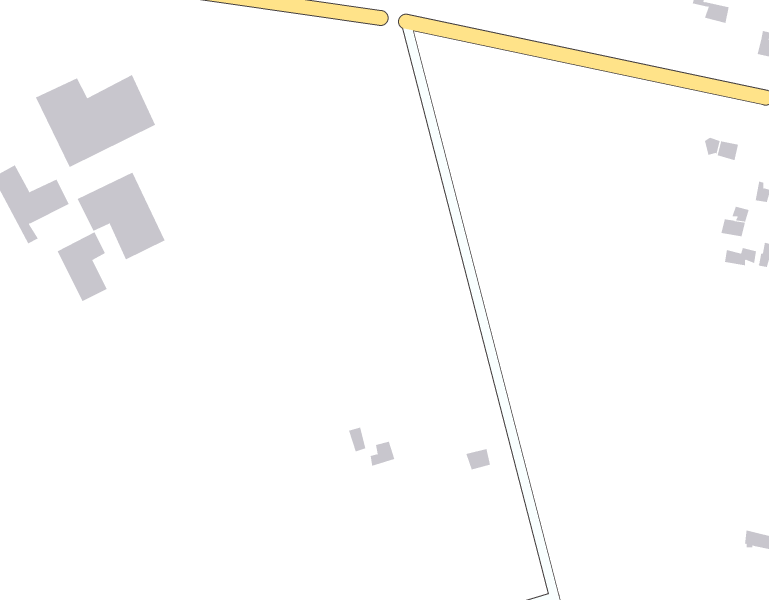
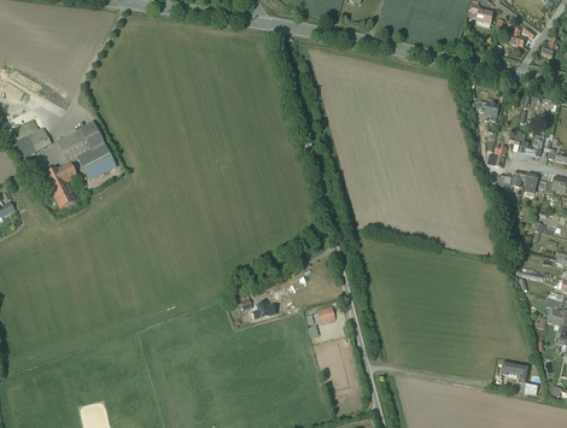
building: [35,74,156,168] -> none

